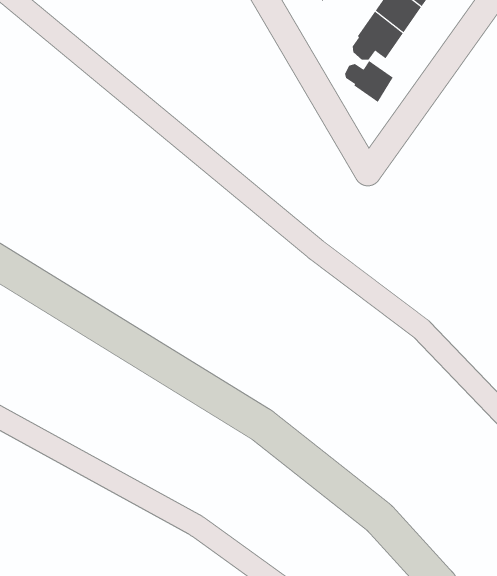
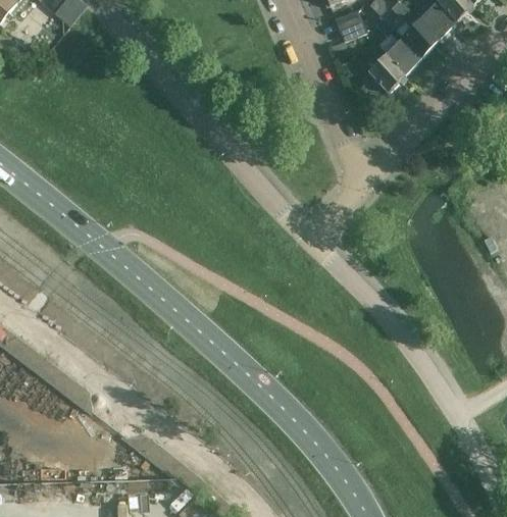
building: [344,60,393,103] -> none

